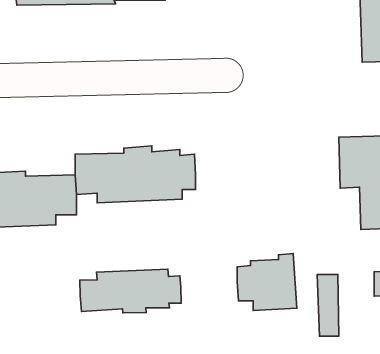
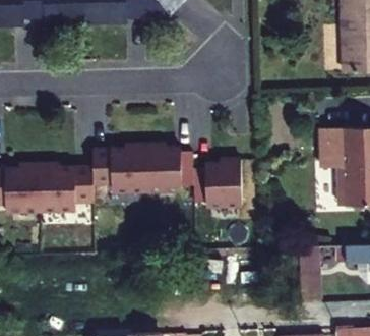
building: [237,254,297,311] -> [201,153,251,201]
building: [80,269,181,313] -> none

